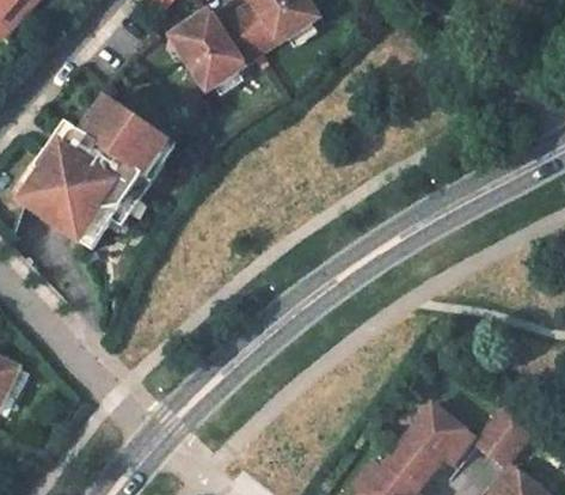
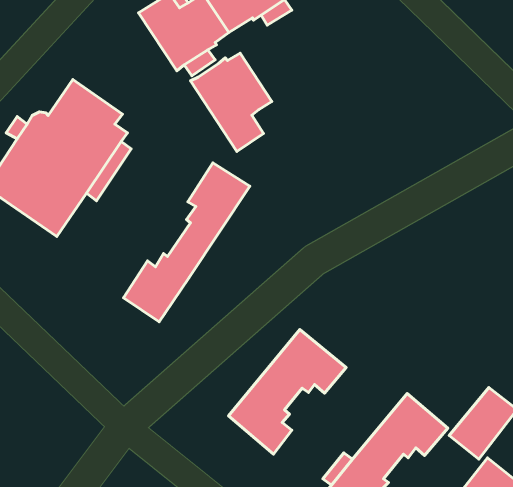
building: none -> [190,53,272,152]
building: none -> [124,163,250,322]
building: none -> [228,329,346,454]

